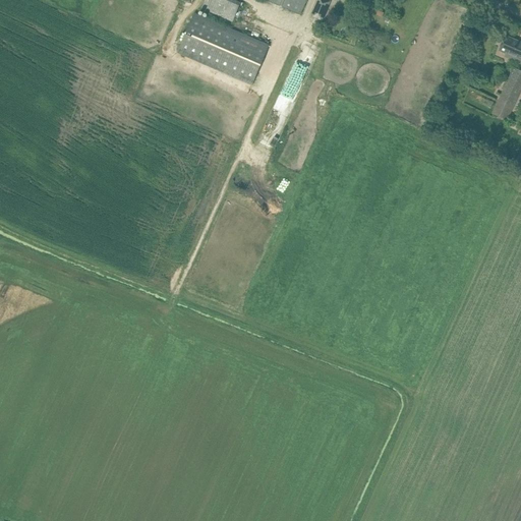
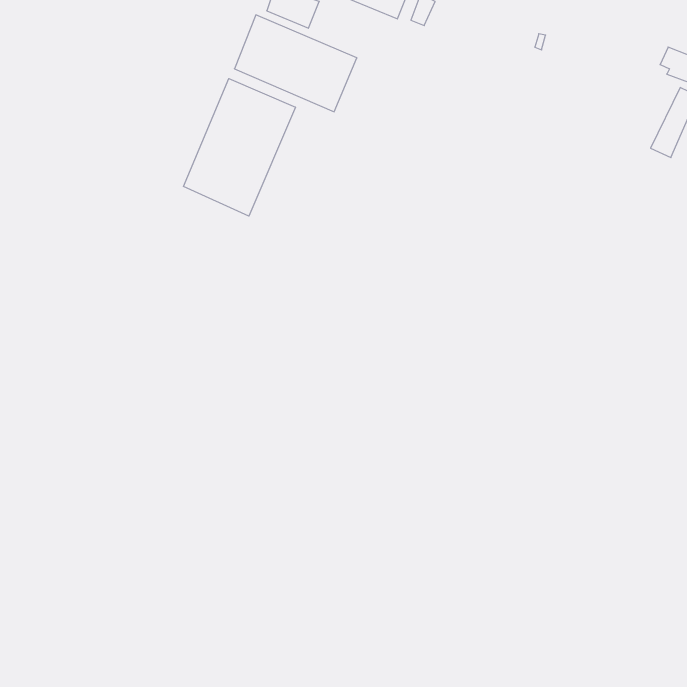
building: none -> [183,79,295,216]

